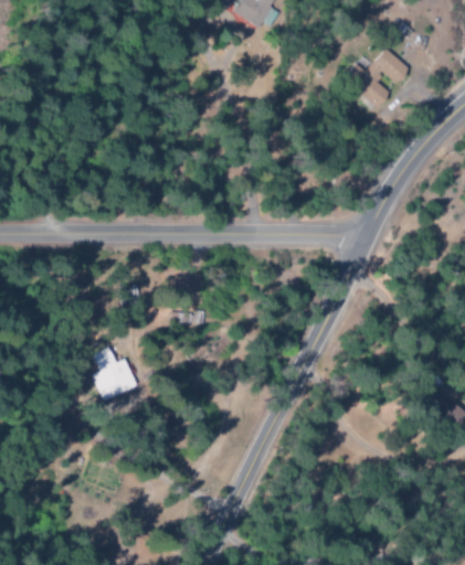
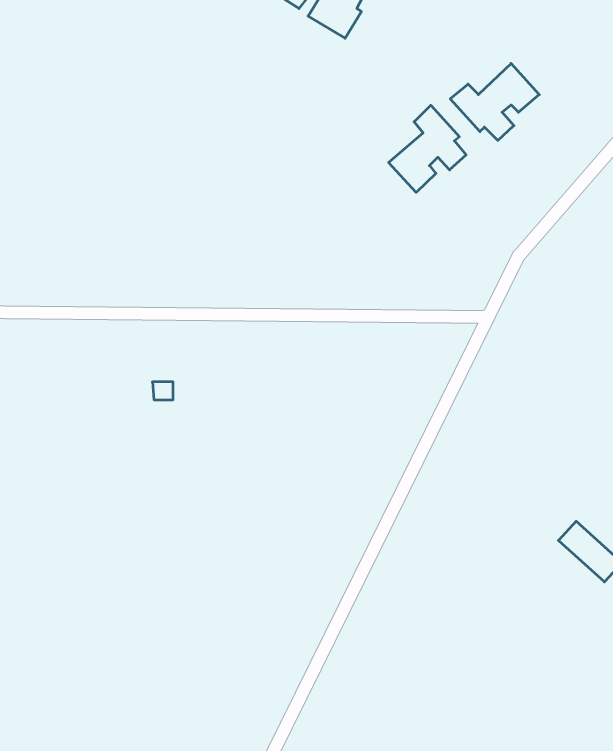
building: none -> [389,105,466,192]
building: [92,347,137,399] -> none

